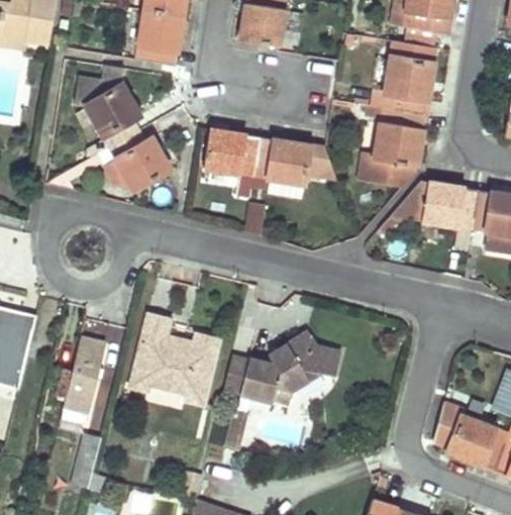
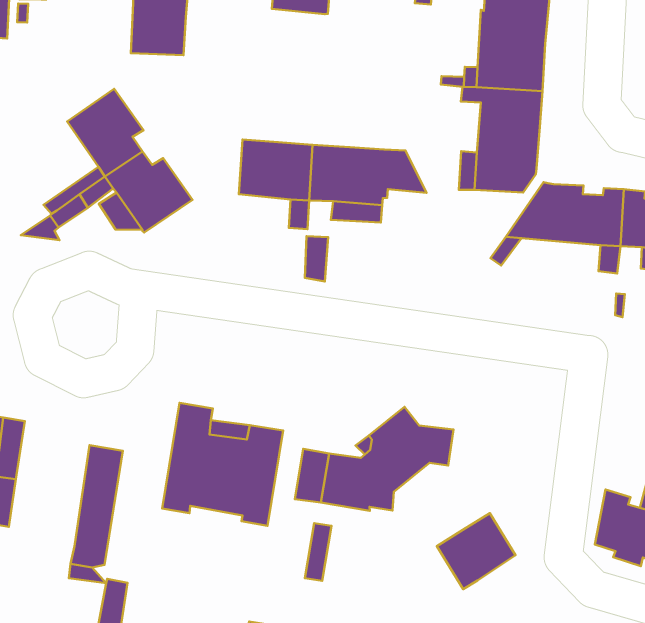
building: none -> [437,513,516,589]

